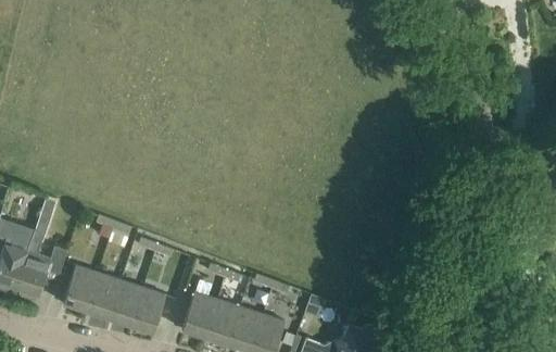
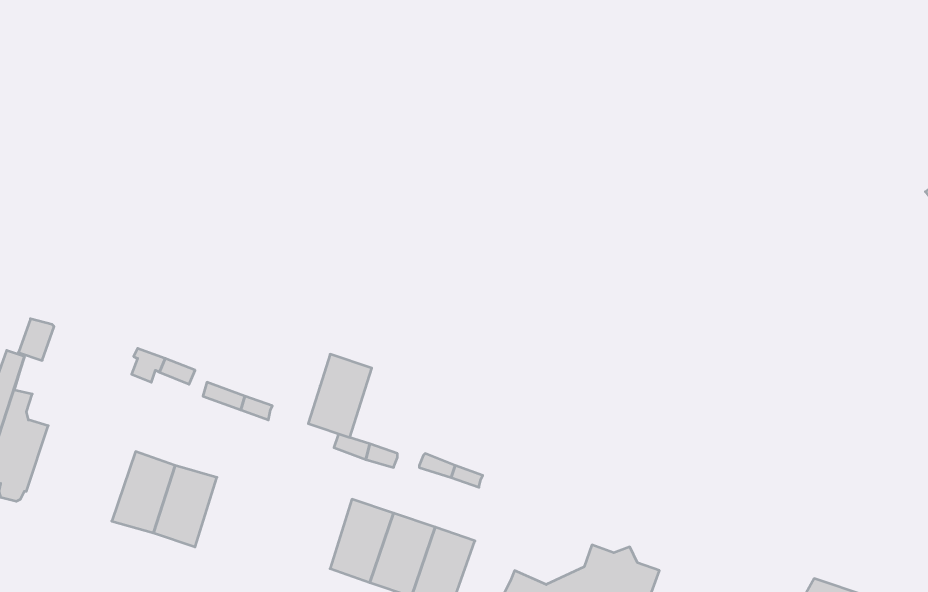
building: [63,266,99,312] -> none
building: [131,288,166,334] -> none
building: [182,292,217,338] -> [308,354,372,437]

